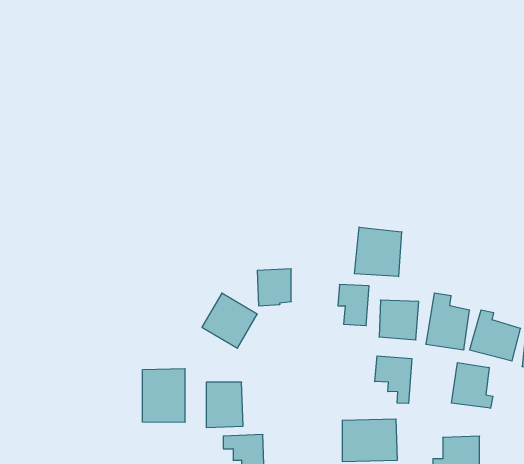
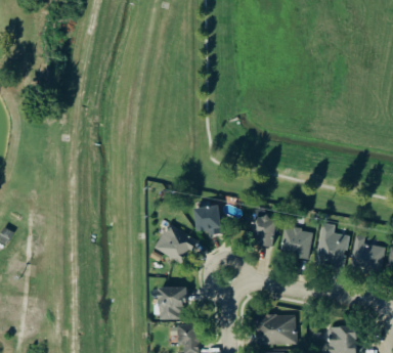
building: [355,227,402,277] -> none
building: [375,356,412,403] -> none
building: [451,363,493,408] -> none
building: [143,369,185,422] -> none

